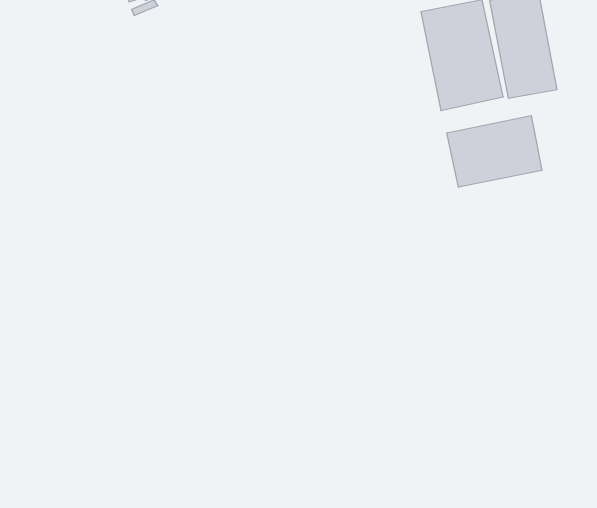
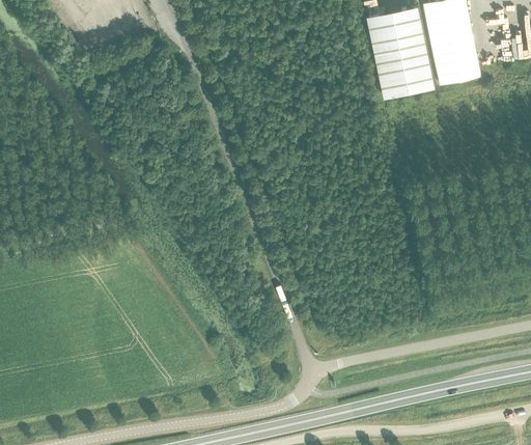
building: [447,116,542,187] -> none

